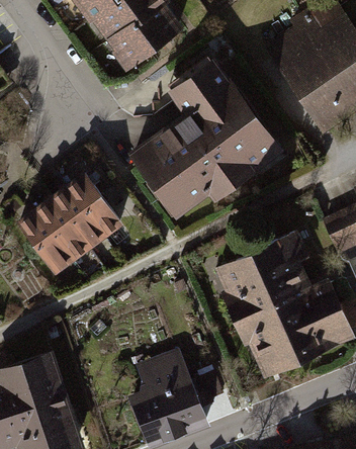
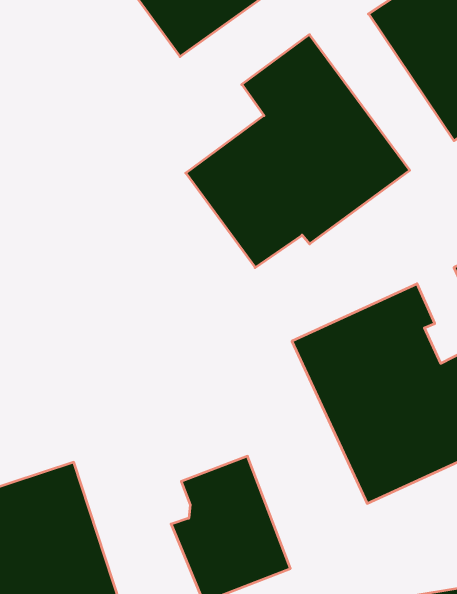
building: [20,173,131,281] -> none

